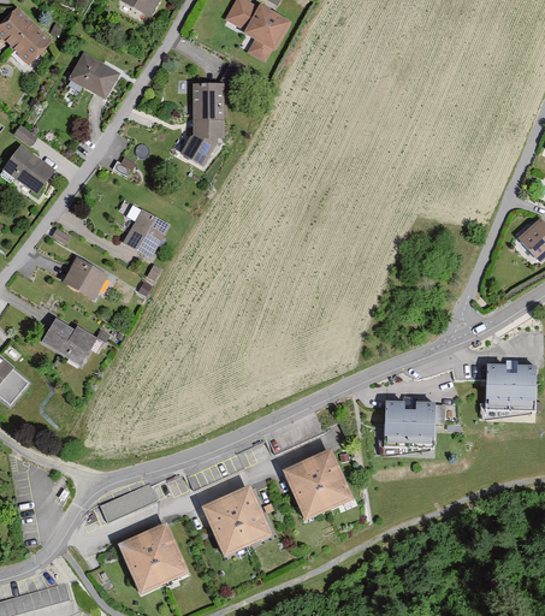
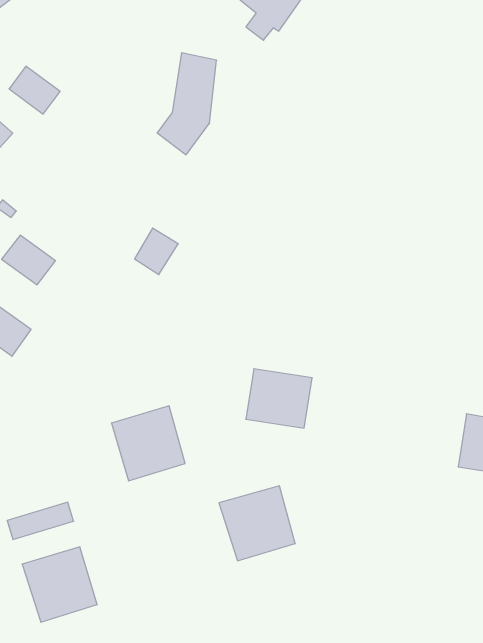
building: [72,58,117,97] -> [9,66,60,114]
building: [128,215,164,255] -> [135,228,178,275]
building: [380,399,433,445] -> [246,369,312,428]
building: [200,485,268,555] -> [111,406,185,481]

